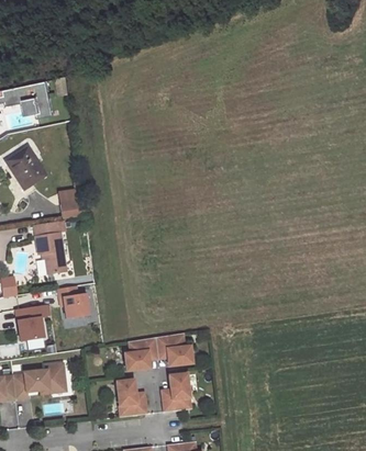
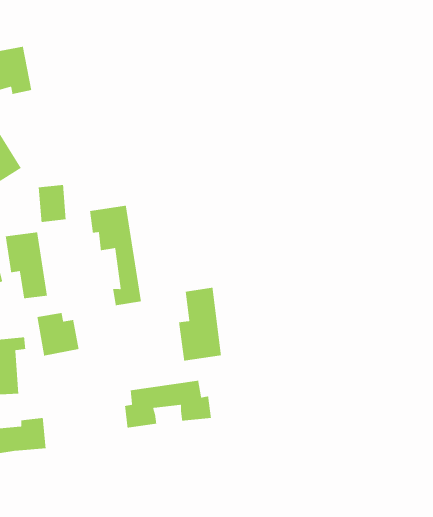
building: none -> [89,205,142,306]
building: none -> [178,287,222,362]
building: [163,375,190,413] -> none
building: [117,381,146,417] -> none

